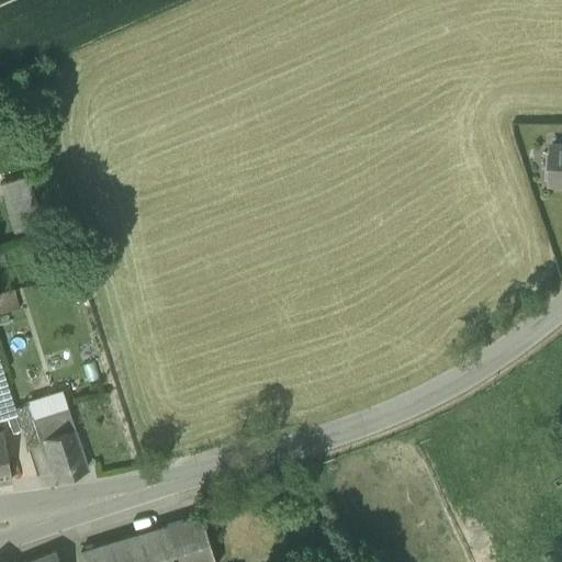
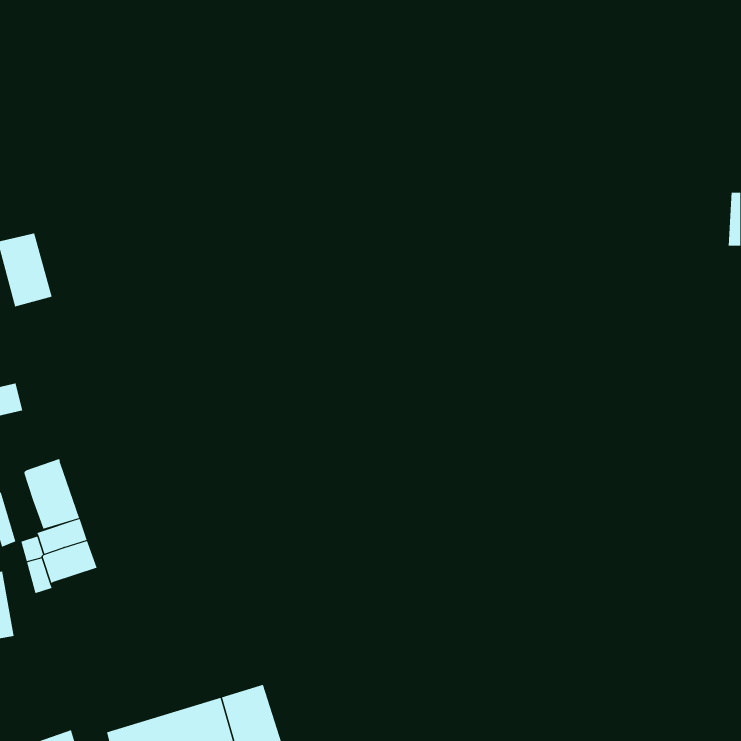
building: none -> [24,458,80,530]
building: [41,430,86,480] -> none

